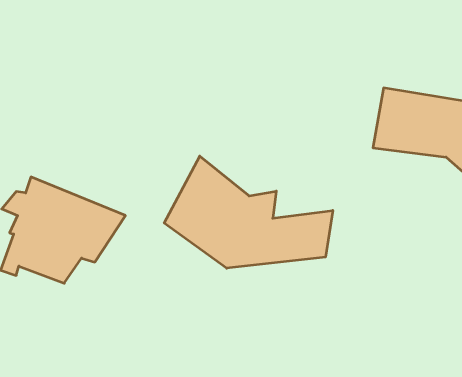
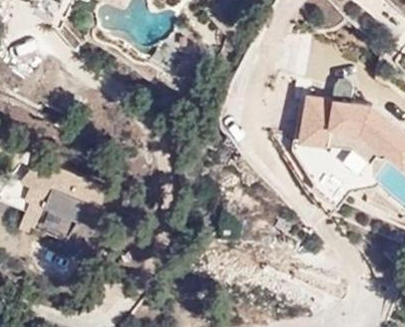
building: [164,156,333,268] -> none

